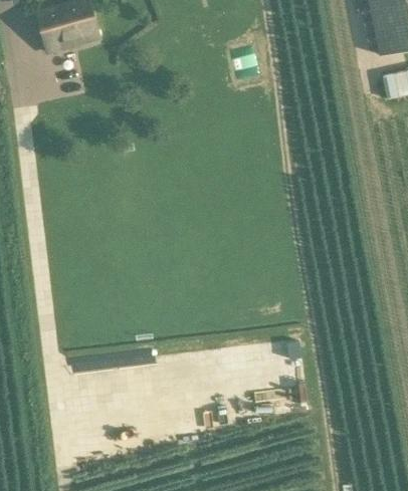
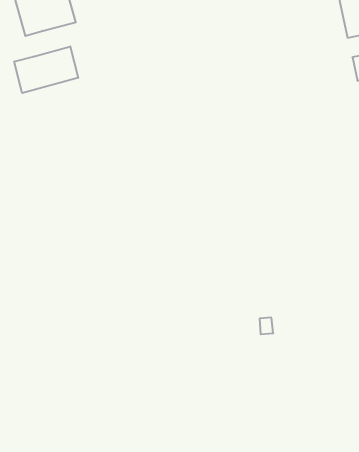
building: none -> [14,46,78,93]

